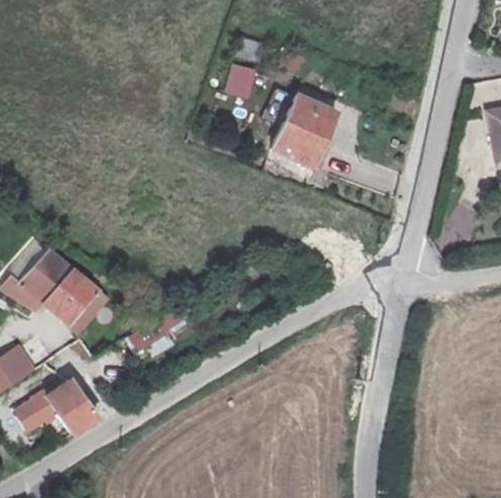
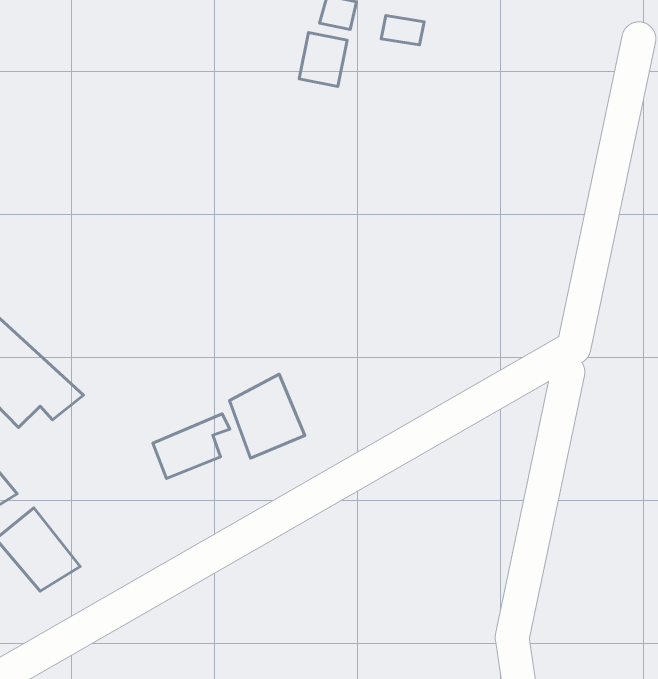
building: [266,86,328,163] -> none
building: none -> [229,374,305,458]

